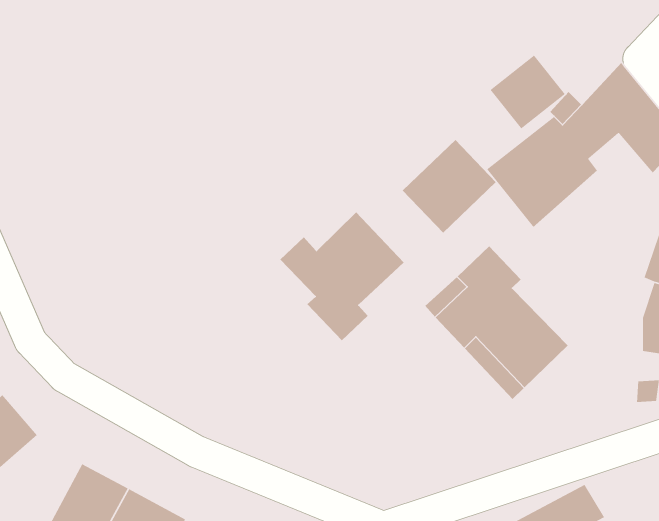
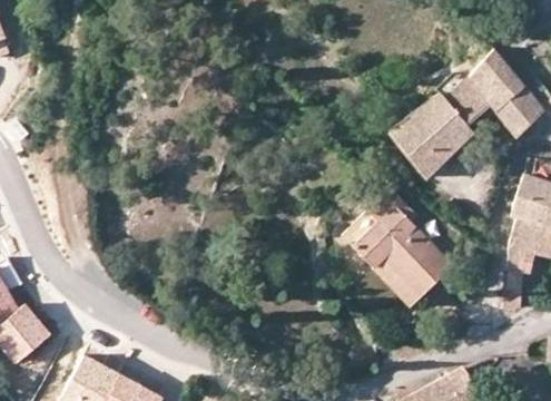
building: [490,54,566,130] -> none
building: [402,139,497,234] -> none
building: [280,212,405,341] -> none

